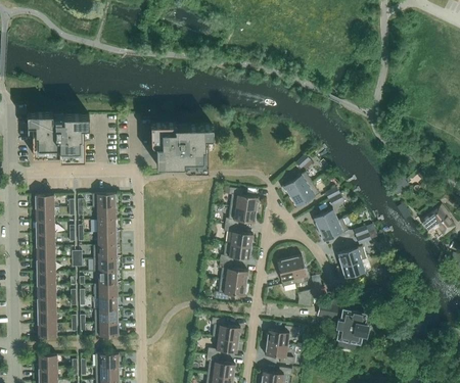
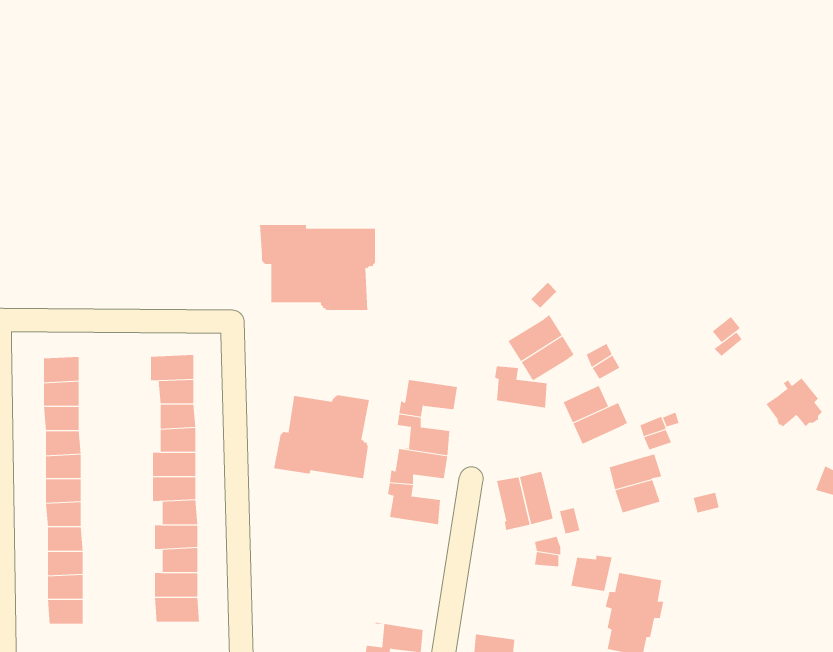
building: [27,114,89,160] -> none
building: [229,189,258,211] -> [494,366,548,408]
building: none -> [273,394,370,479]
building: [215,281,246,301] -> none
building: [211,319,240,341] -> none
building: [266,327,297,346] -> none

